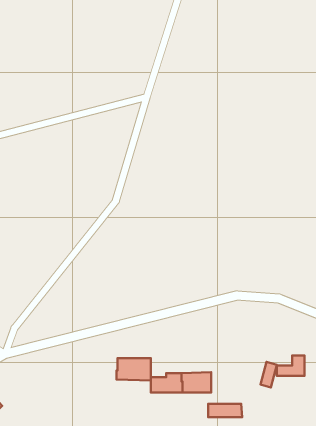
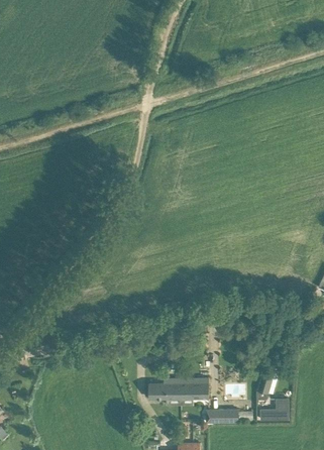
building: [277,355,304,376] -> [261,400,289,420]
building: [116,358,151,381] -> none

